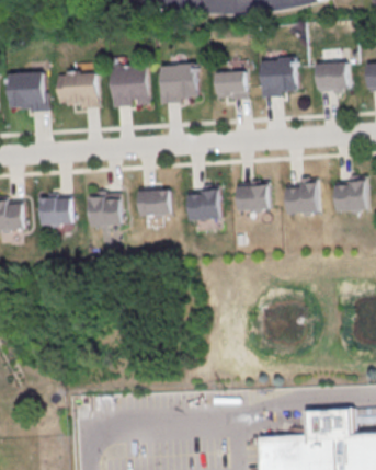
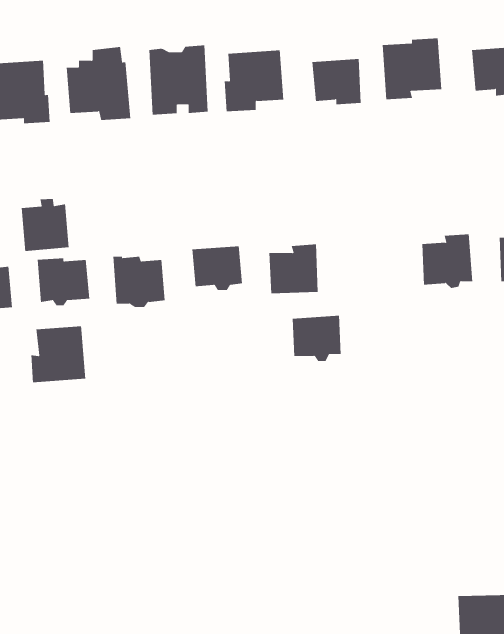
building: none -> [21,198,69,252]
building: [237,183,269,213] -> [292,315,341,362]
building: none -> [31,326,86,383]

